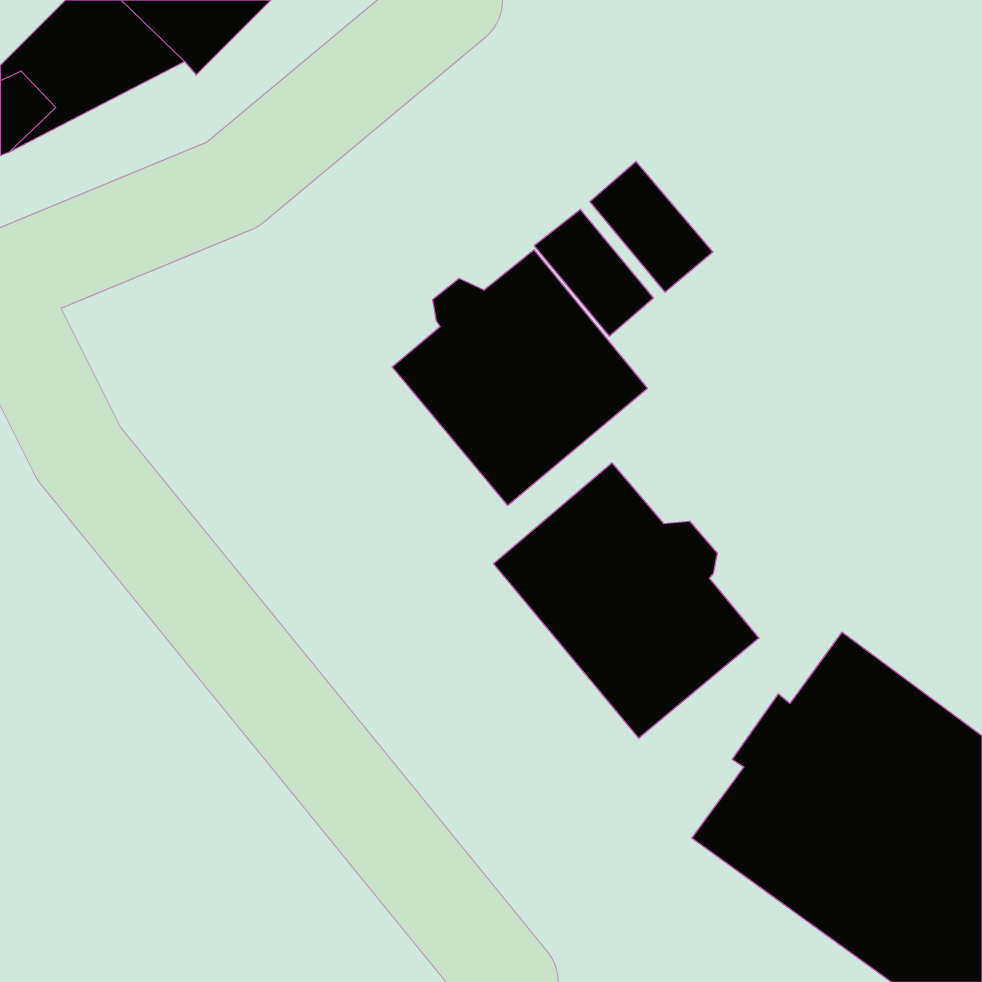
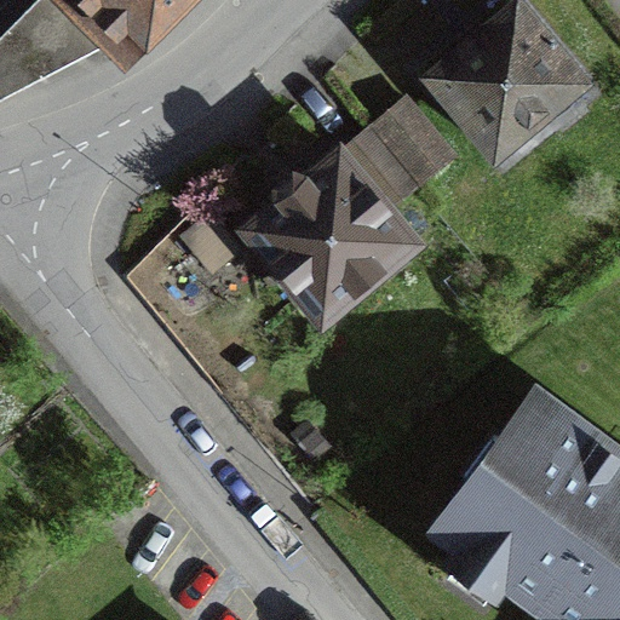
building: none -> [429,8,576,155]
building: [494,463,759,738] -> none

